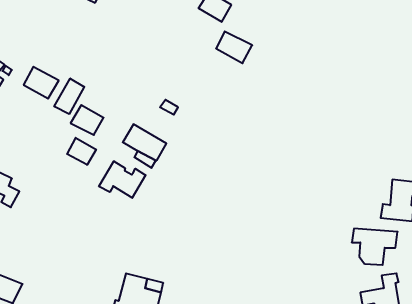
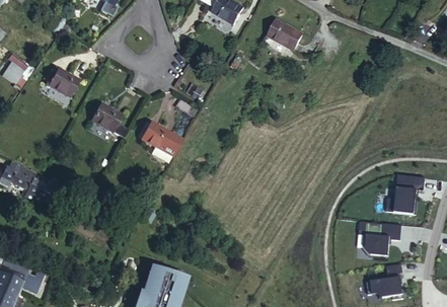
building: [216,31,252,63] -> [270,19,304,50]
building: [54,78,84,114] -> none
building: [67,138,96,165] -> none
building: [99,161,146,198] -> none

